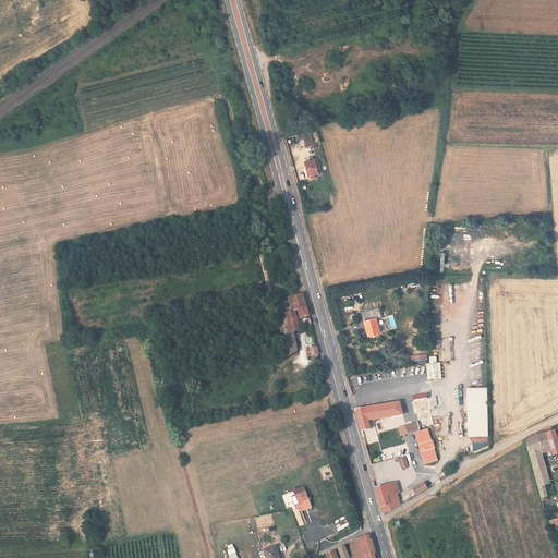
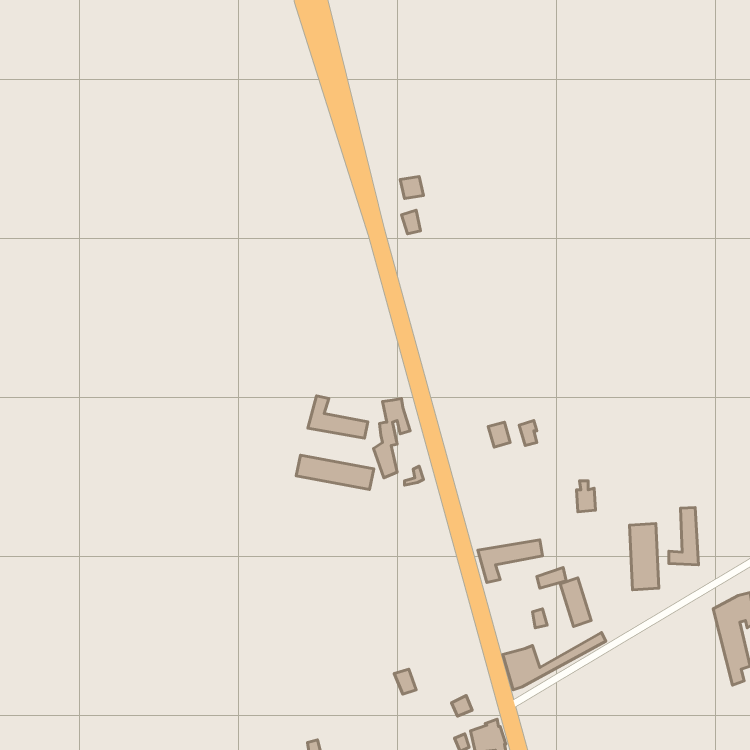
building: none -> [308,396,368,438]
building: none -> [296,455,374,490]
building: none -> [669,508,699,565]

